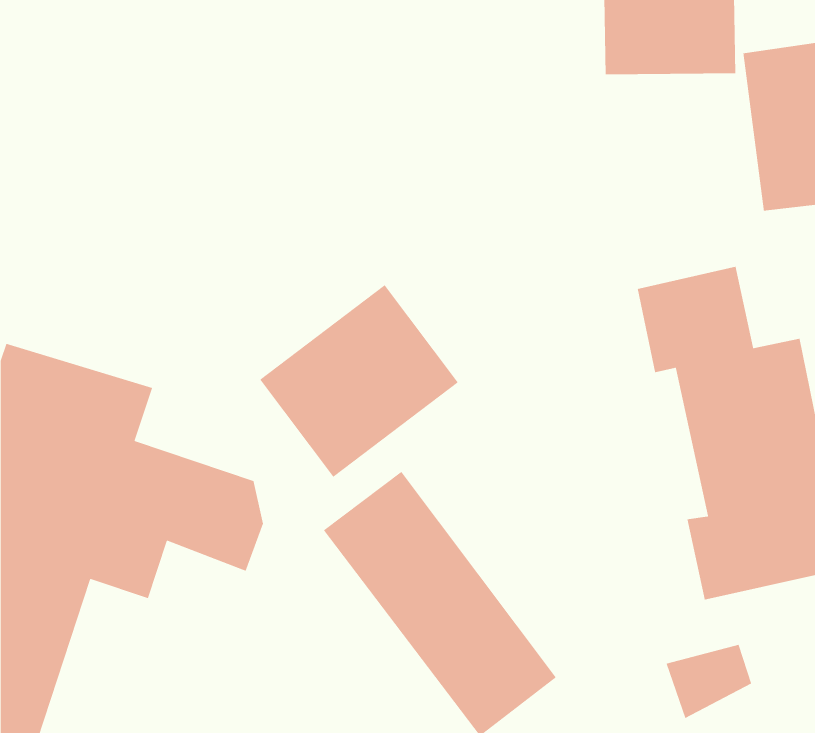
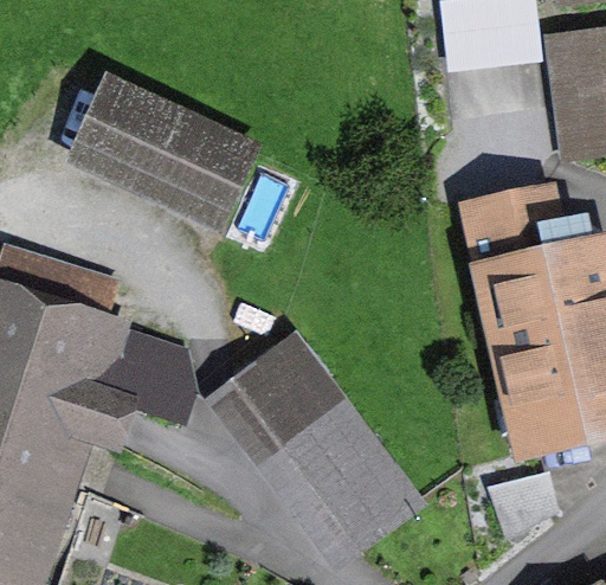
building: none -> [83,90,244,221]
building: [259,284,459,478] -> none

